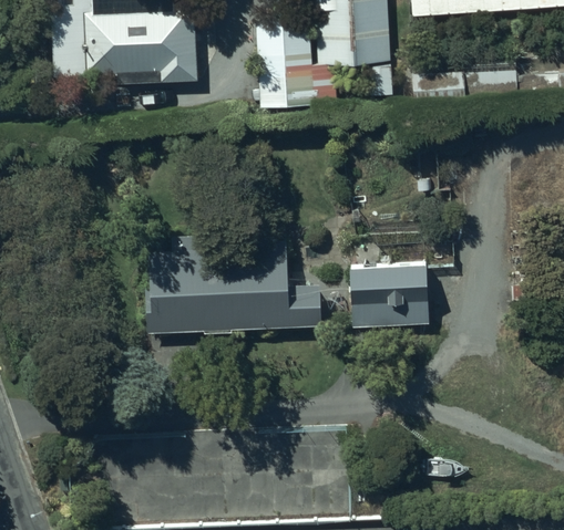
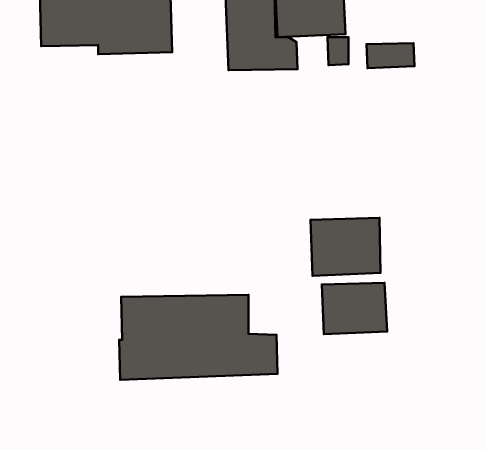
building: [147,240,322,334] -> [119,295,278,380]
building: none -> [322,283,387,334]

